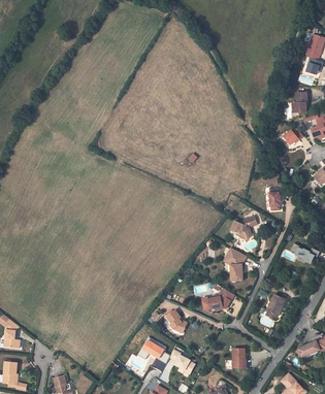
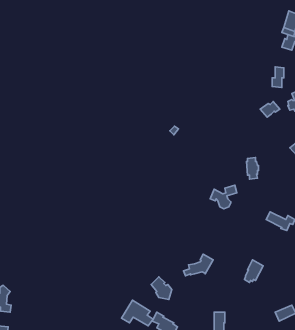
building: [225,249,247,281] -> none

